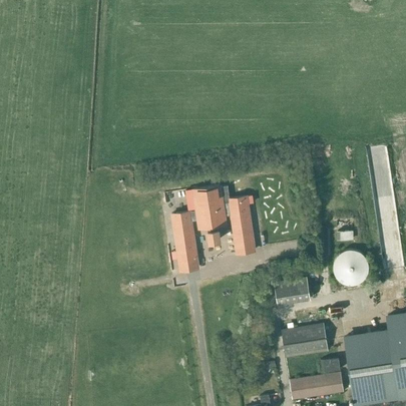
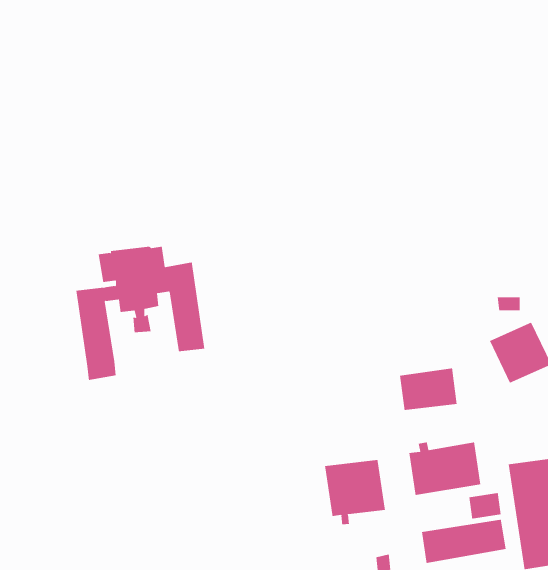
building: [171,185,254,271] -> [76,246,205,380]
building: none -> [324,459,385,525]

